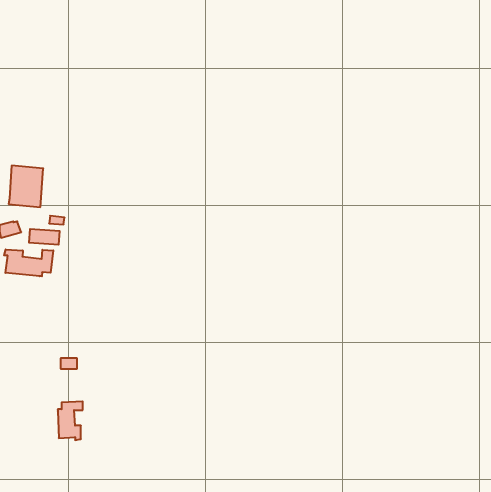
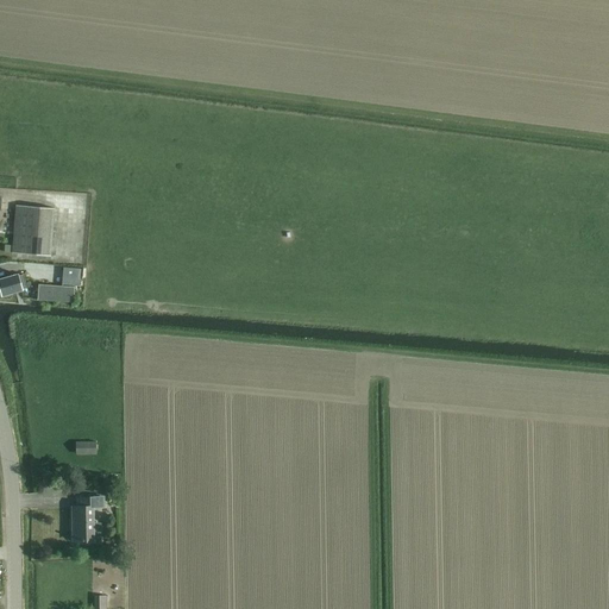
building: [4,249,53,276] -> none

